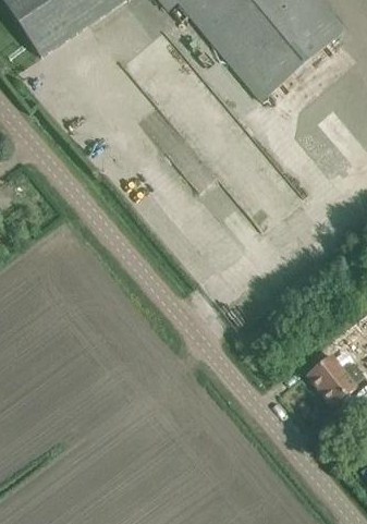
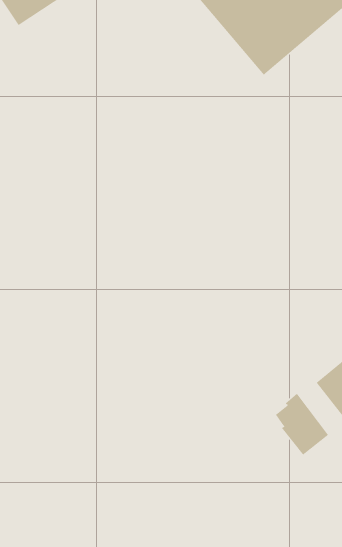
building: none -> [275,393,329,455]

